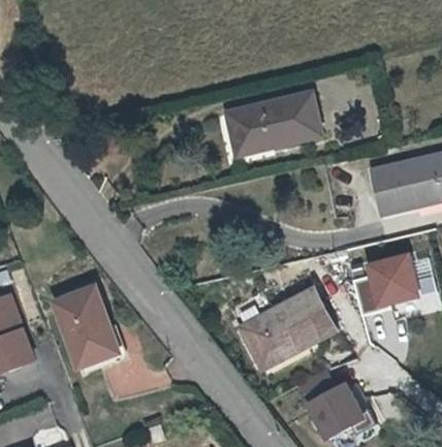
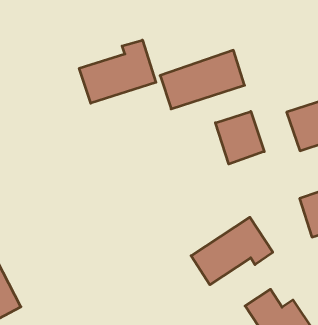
building: none -> [79,40,156,103]
building: none -> [215,111,264,164]
building: [57,292,120,372] -> none

